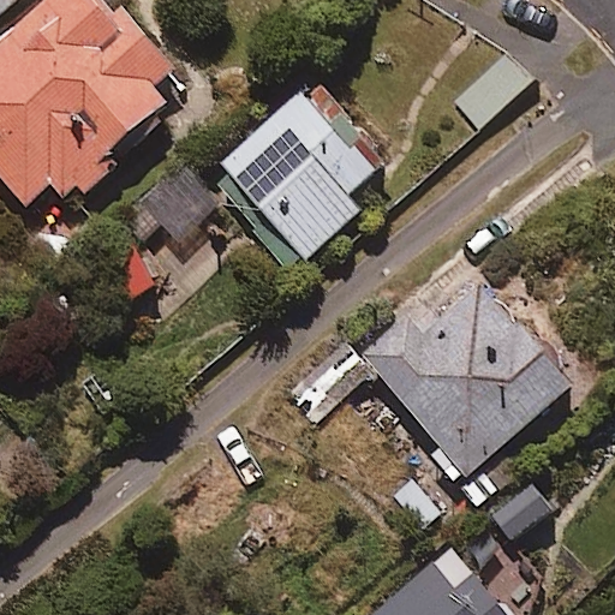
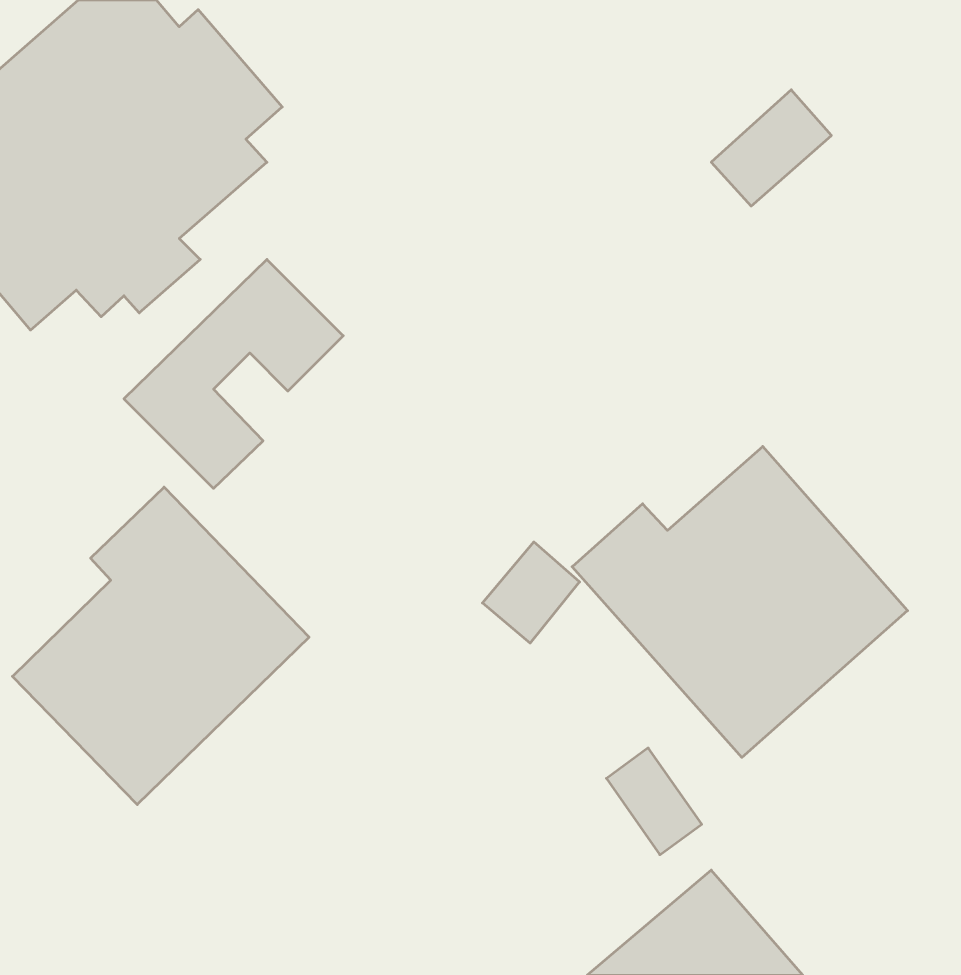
building: [209,86,387,276] -> none
building: none -> [12,487,309,805]

